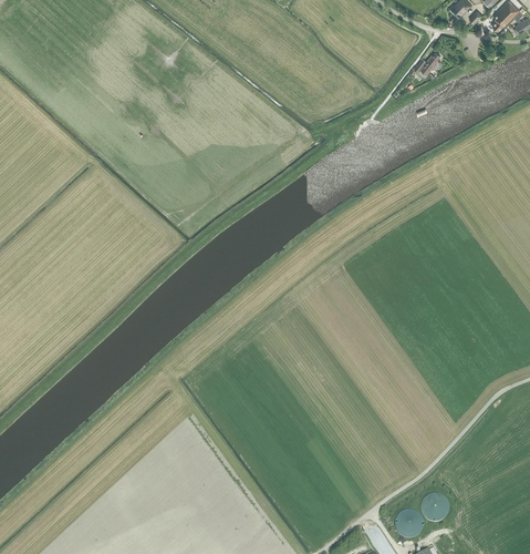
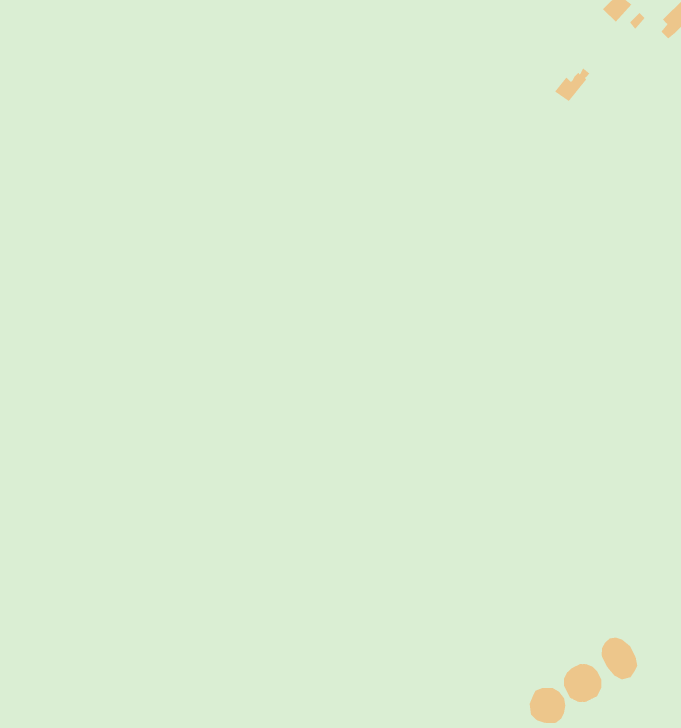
building: none -> [601,637,638,680]

